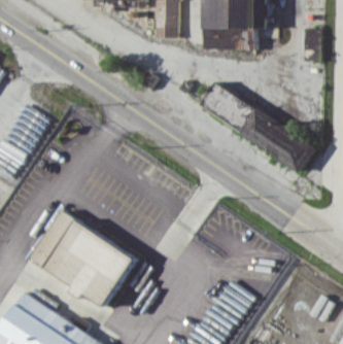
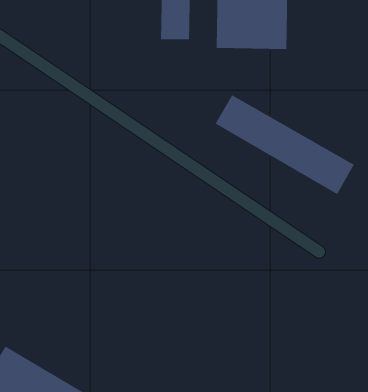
building: [29,211,134,307] -> none

